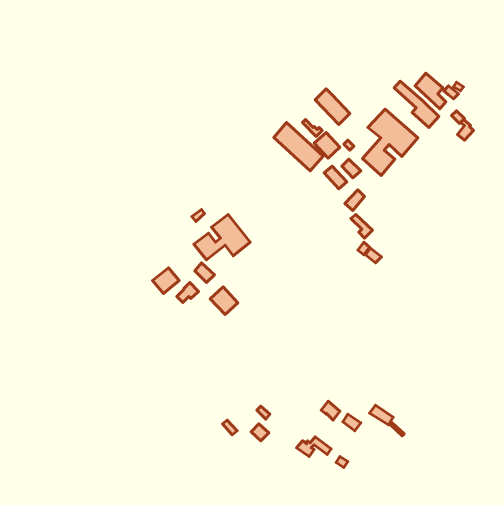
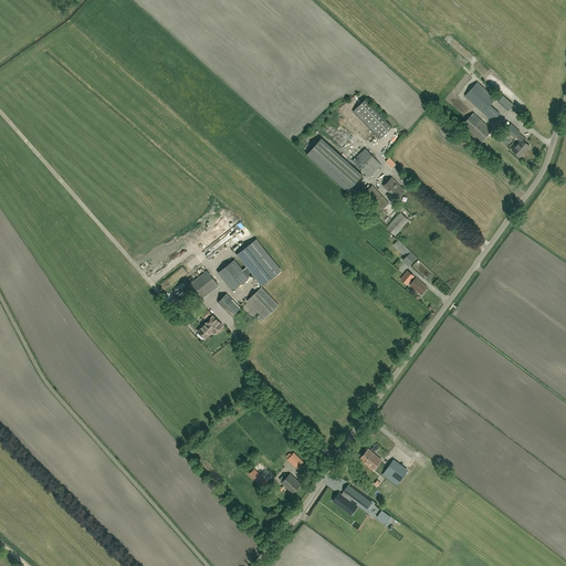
building: [363,109,418,176] -> none
building: [153,268,179,293] -> [188,271,218,300]
building: [210,287,238,315] -> [247,287,277,318]

